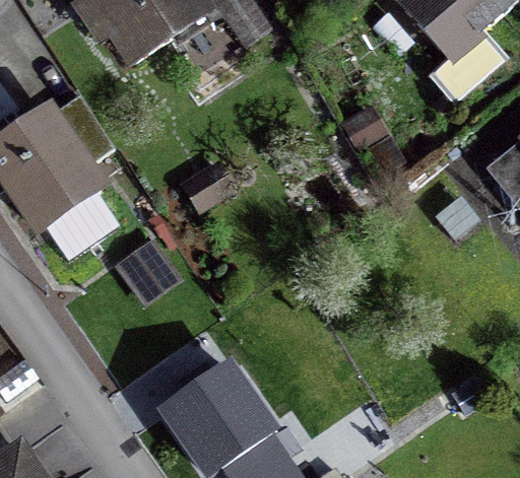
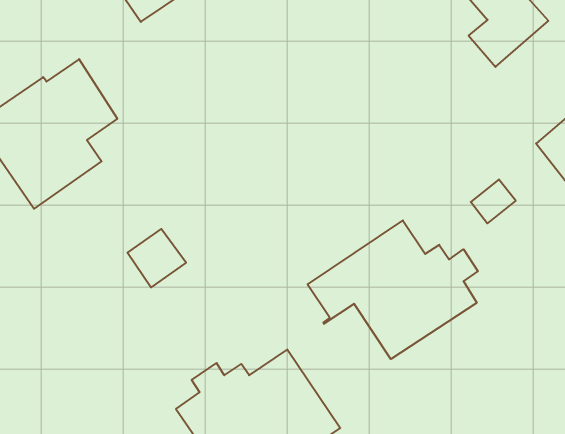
building: none -> [308,220,478,359]

